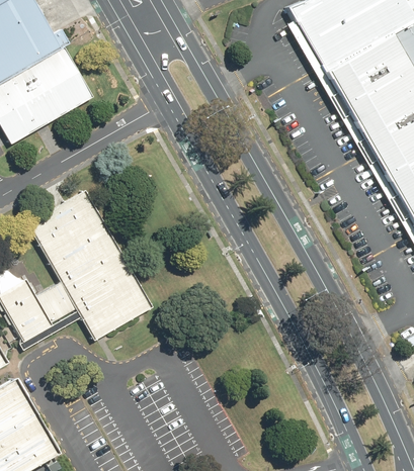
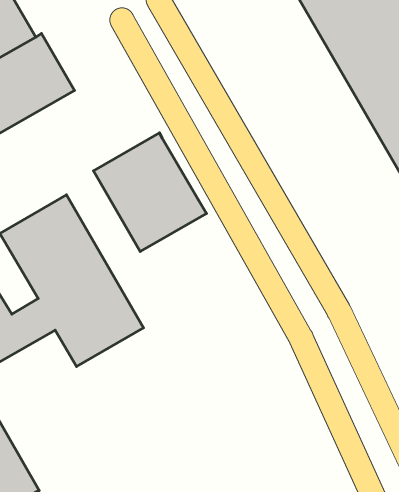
building: none -> [93,133,206,251]

